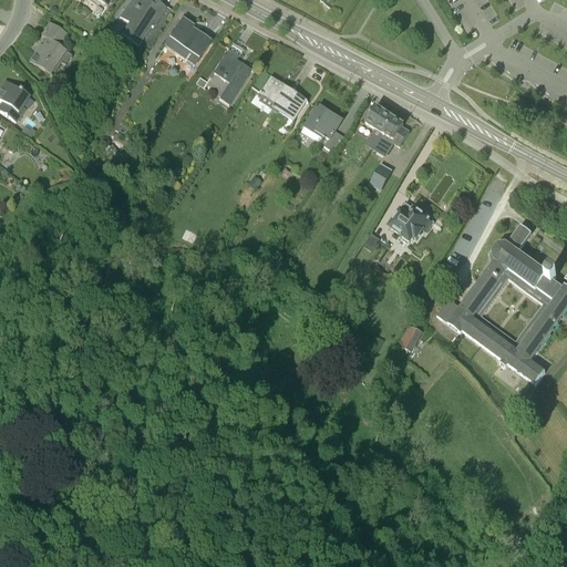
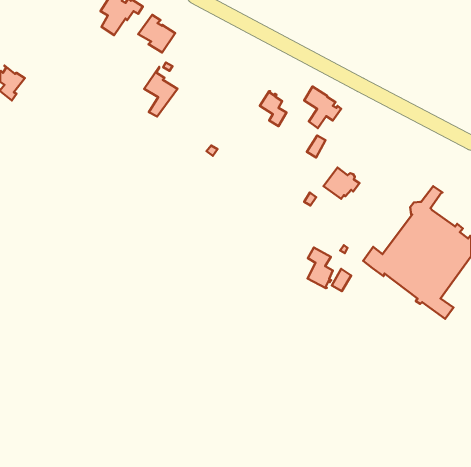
building: [30,21,71,74] -> none
building: [214,42,254,102] -> [144,67,177,117]
building: [259,81,307,120] -> none
building: none -> [308,247,333,288]

